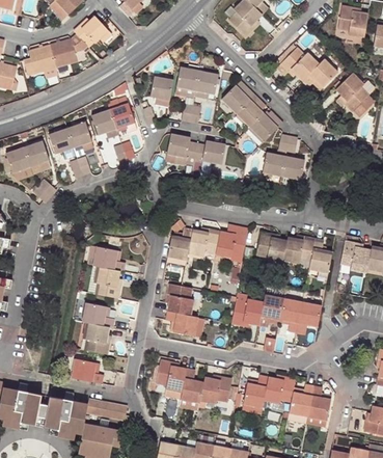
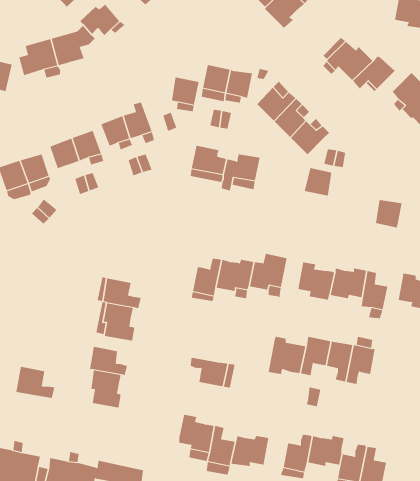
building: [282,157,305,181] -> [375,200,402,228]
building: [166,284,193,316] -> none
building: [71,356,104,383] -> [15,366,55,398]

